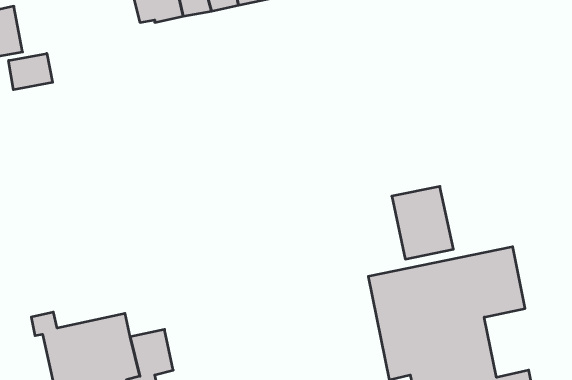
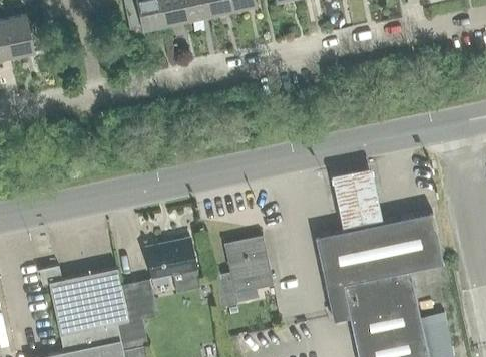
building: [9,53,53,90] -> none
building: none -> [215,238,274,308]
building: none -> [146,239,200,293]

